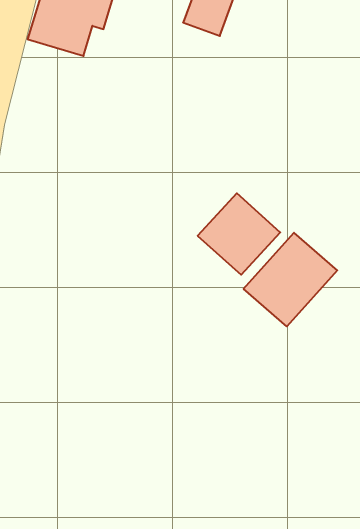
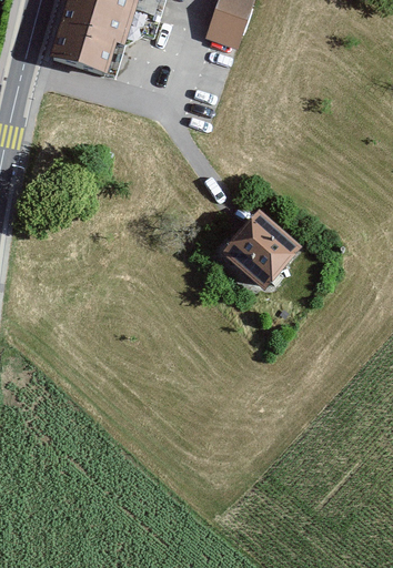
building: [244,233,337,326] -> none

